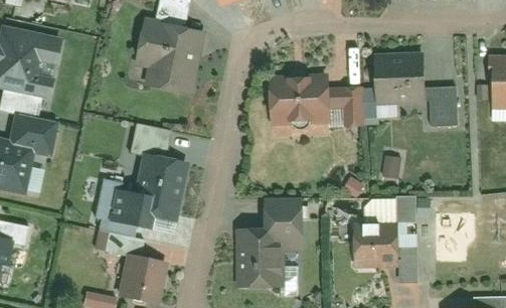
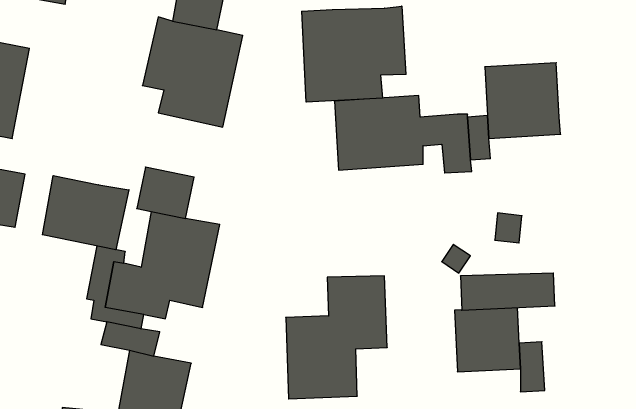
building: none -> [302,6,406,102]
building: [428,87,459,126] -> none
building: none -> [42,176,129,250]

